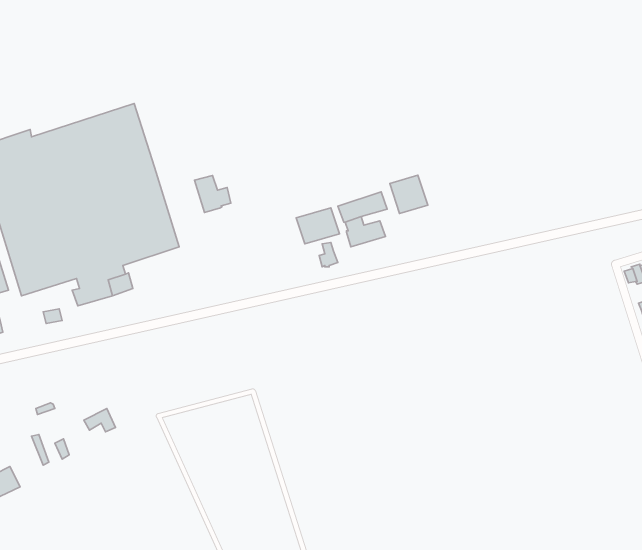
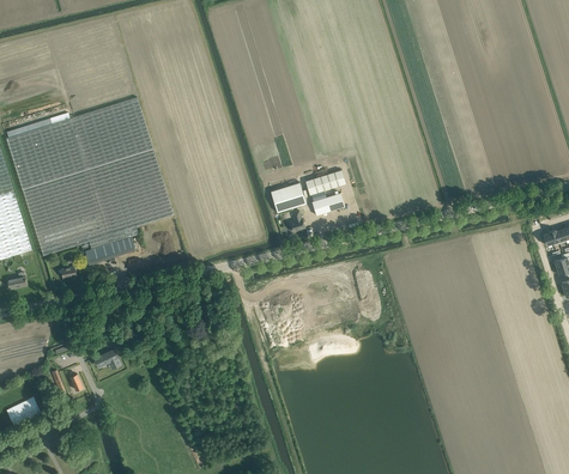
building: [390,175,428,213] -> none
building: [195,176,231,213] -> none

